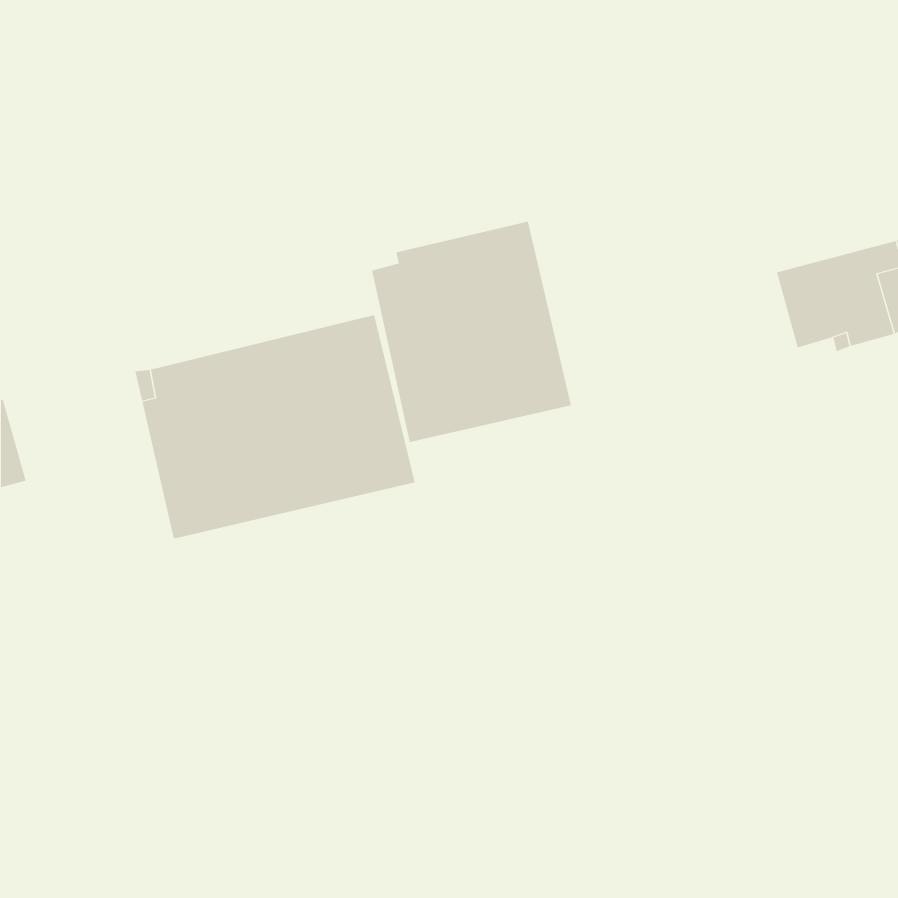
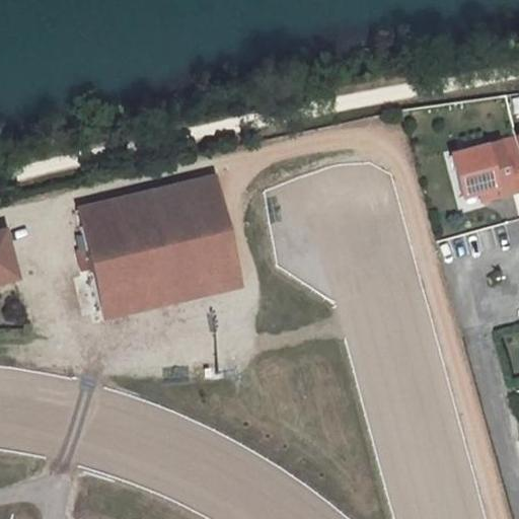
building: [372,221,572,443] -> none

